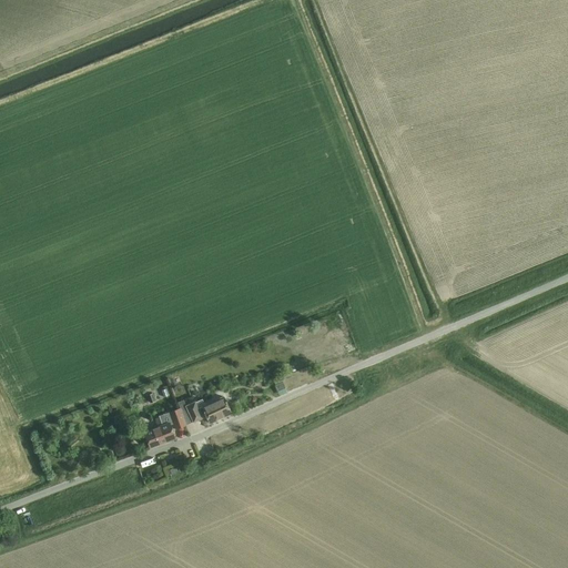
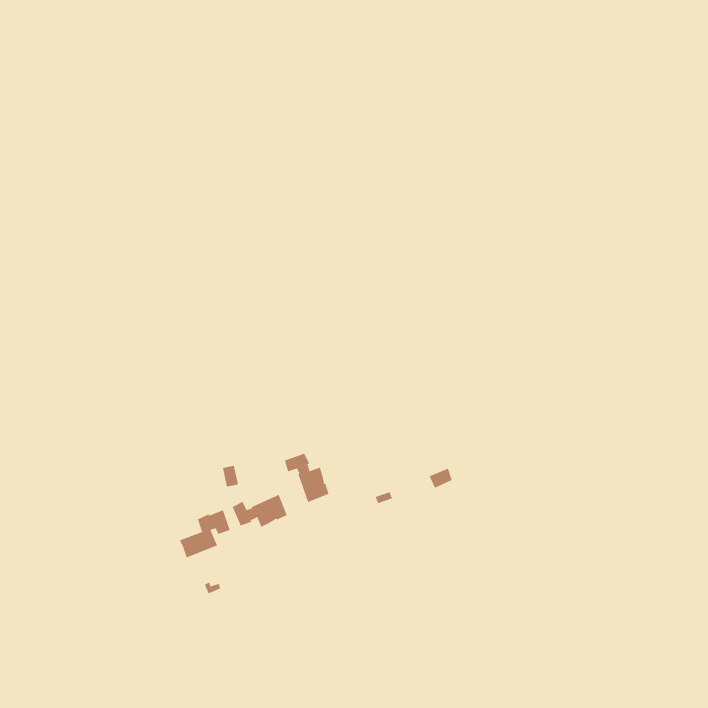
building: none -> [284,453,329,503]

